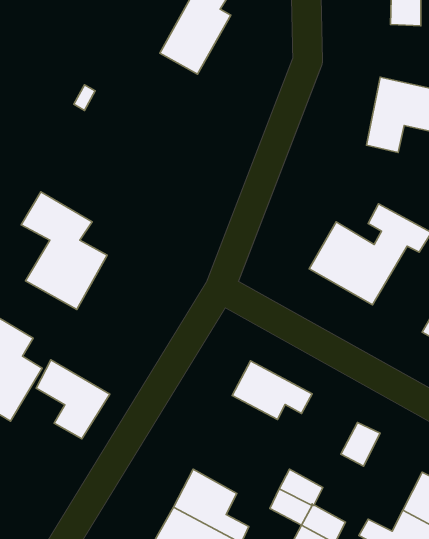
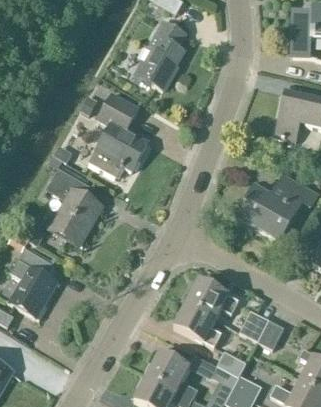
building: none -> [89,92,148,177]
building: [36,360,110,439] -> none
building: none -> [173,302,222,347]
building: none -> [240,310,269,341]

